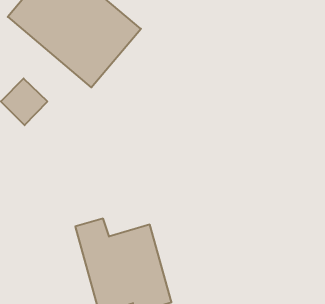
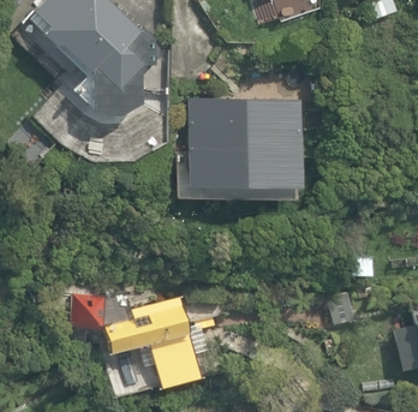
building: none -> [187,96,303,197]

